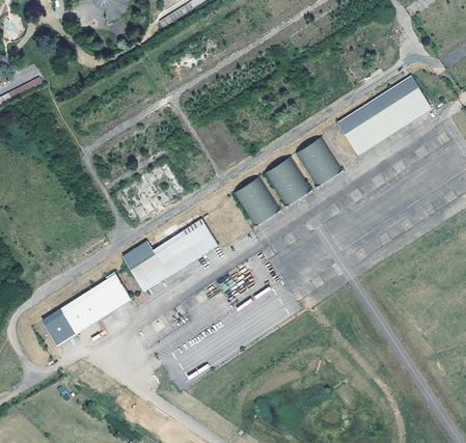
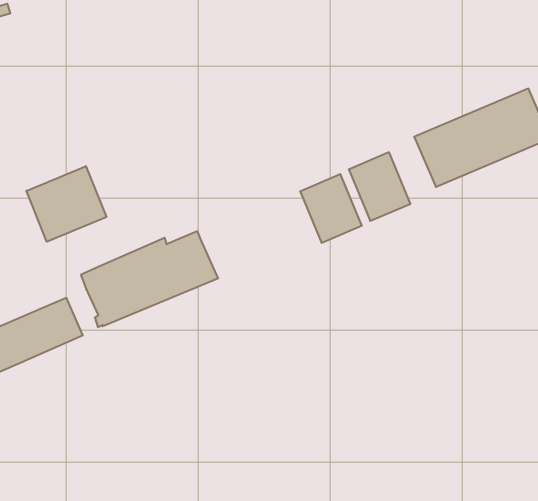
building: [234,175,280,226] -> none
building: none -> [26,166,106,242]

